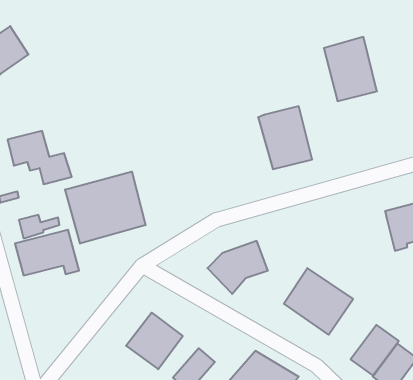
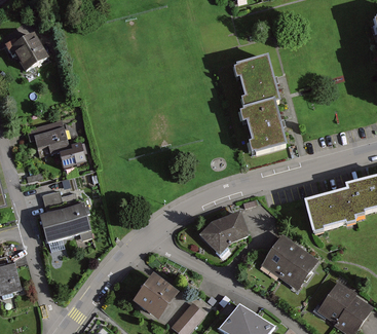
building: [324,37,377,101] -> [235,53,279,107]
building: [65,172,145,244] -> none
building: none -> [305,192,356,236]

